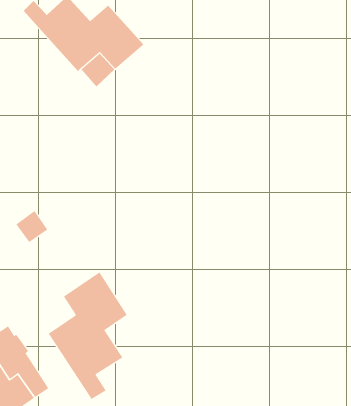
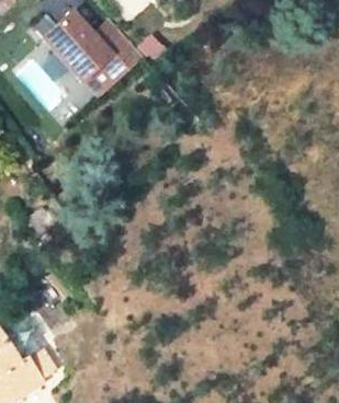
building: [48,272,128,400] -> none

